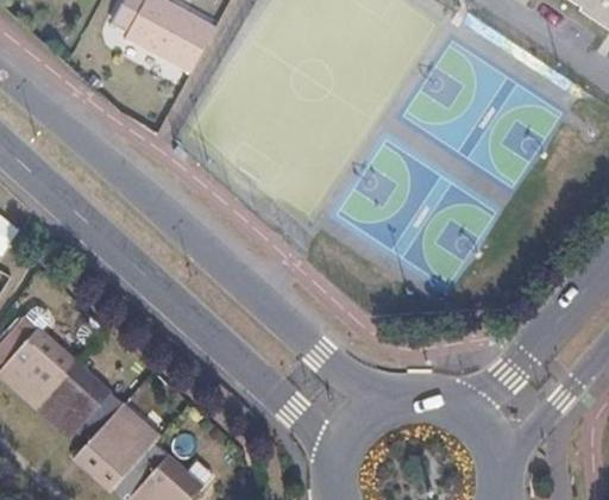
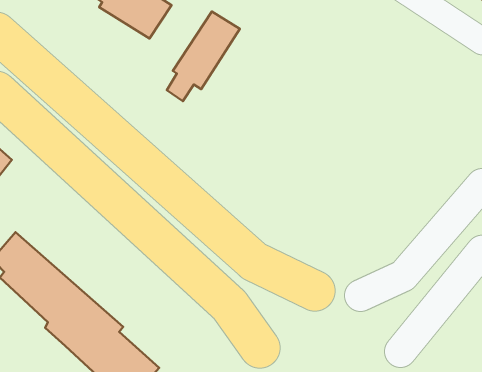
building: none -> [167,12,240,101]

